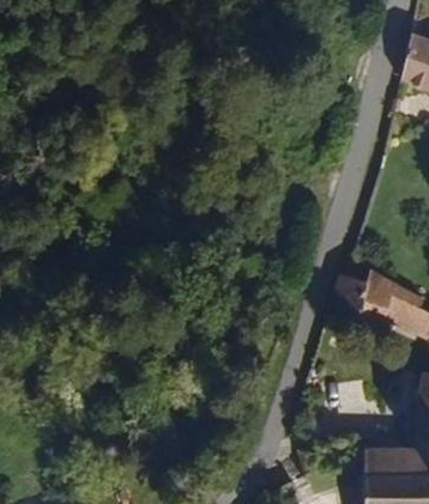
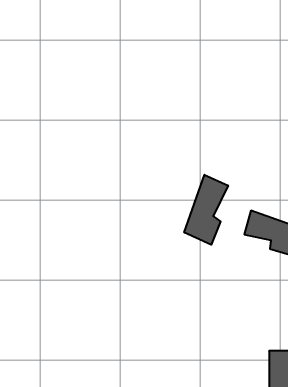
building: none -> [184,175,228,245]

